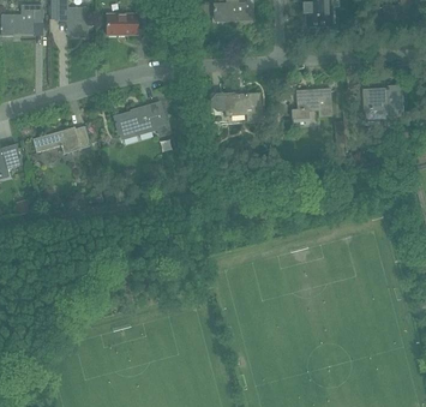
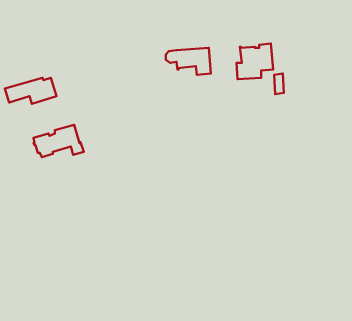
building: [364,84,404,118] -> none
building: [114,101,170,137] -> [33,125,84,157]

